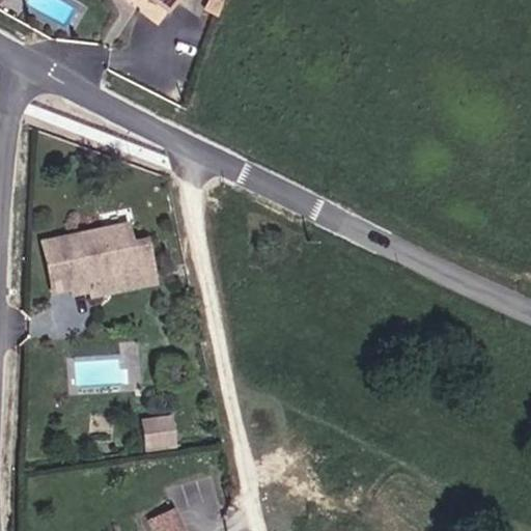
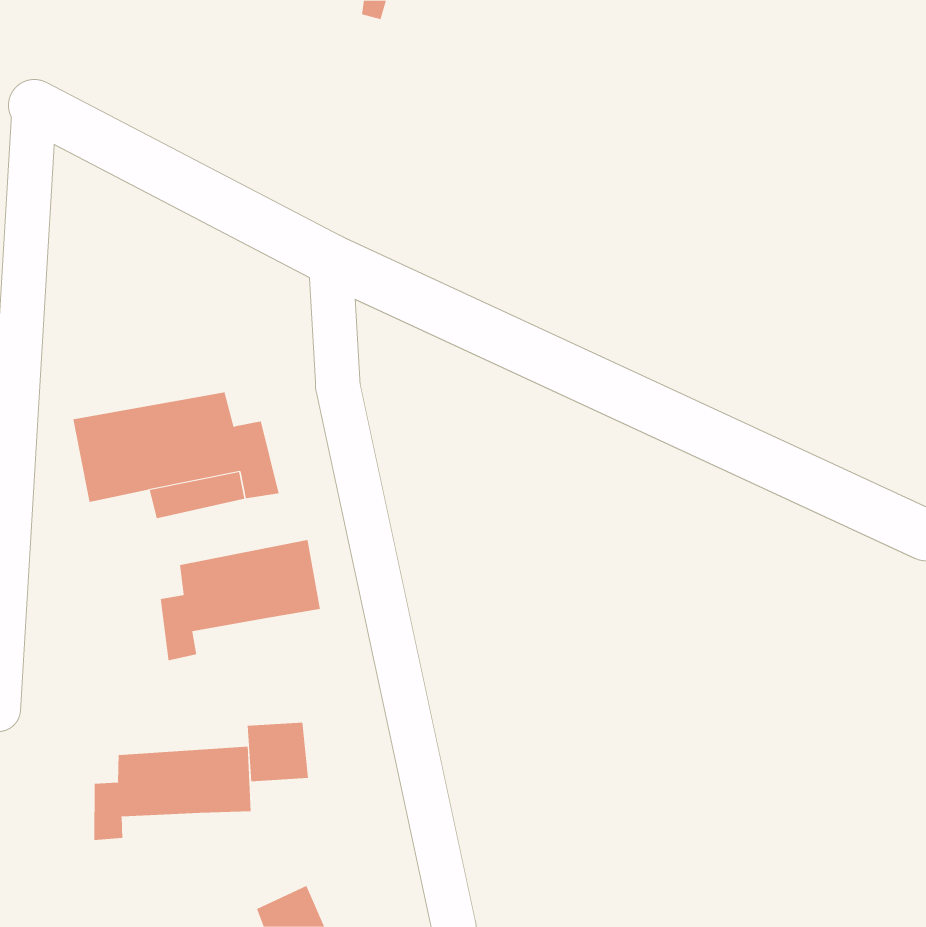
building: none -> [160,539,321,661]
building: none -> [94,746,251,841]

